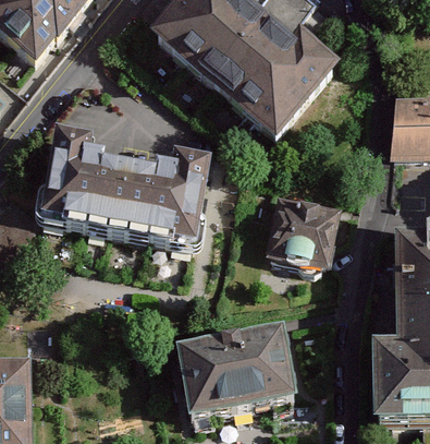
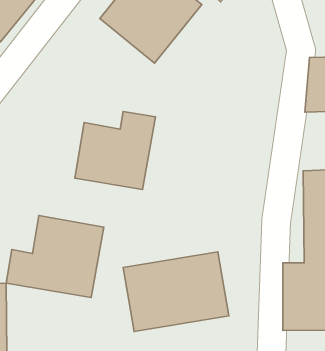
building: [212,29,342,152] -> none
building: [40,134,130,233] -> none
building: [265,193,342,266] -> none
building: none -> [6,216,104,298]

